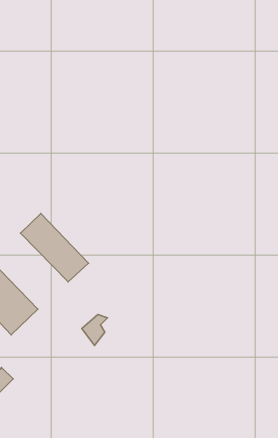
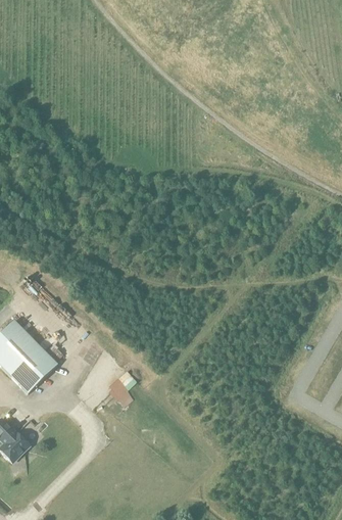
building: [21,213,89,282] -> none

